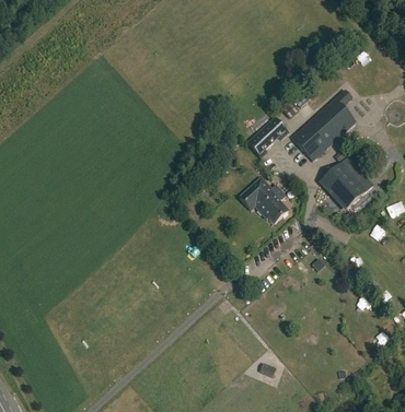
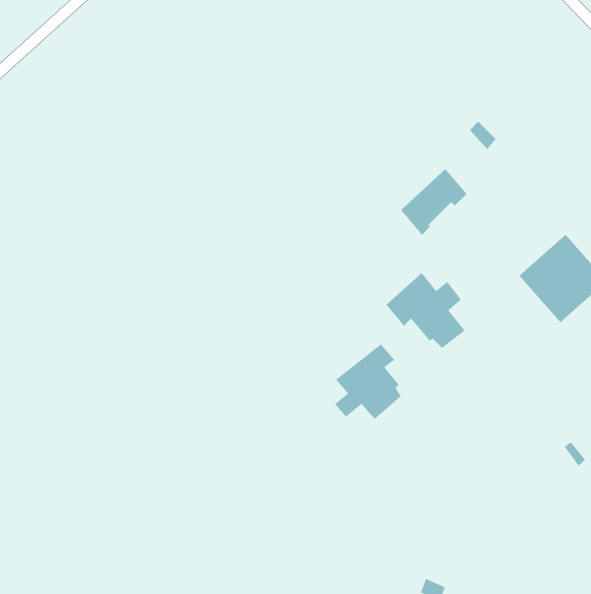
building: [290,90,355,160] -> none
building: none -> [334,343,401,420]

